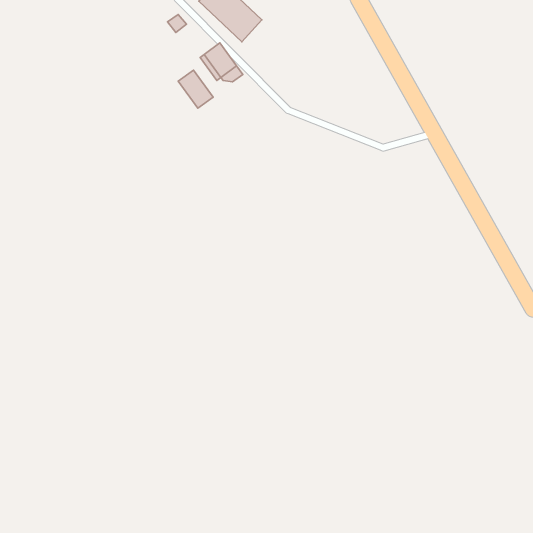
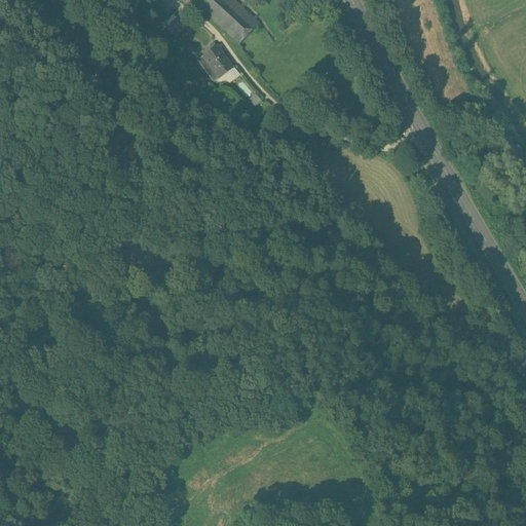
building: [178,70,213,108] -> none

